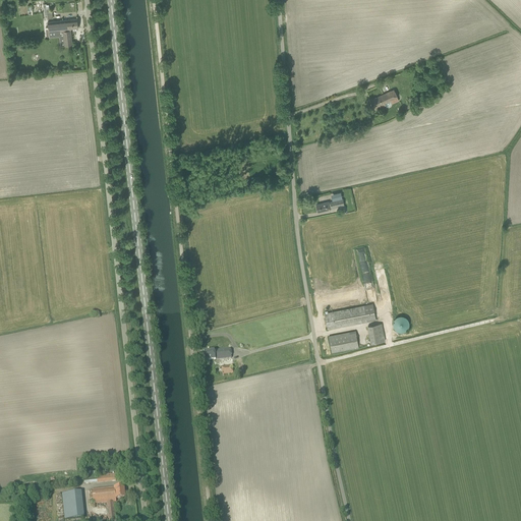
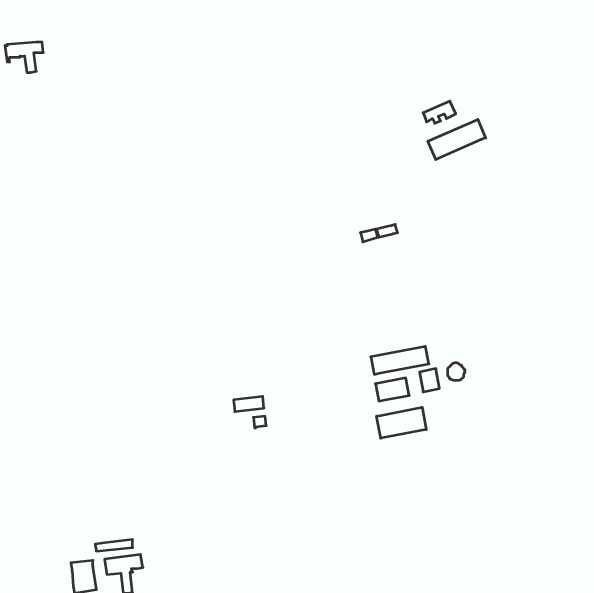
building: [45,18,78,45] -> [5,42,43,72]
building: none -> [428,119,486,160]
building: none -> [377,407,426,438]

